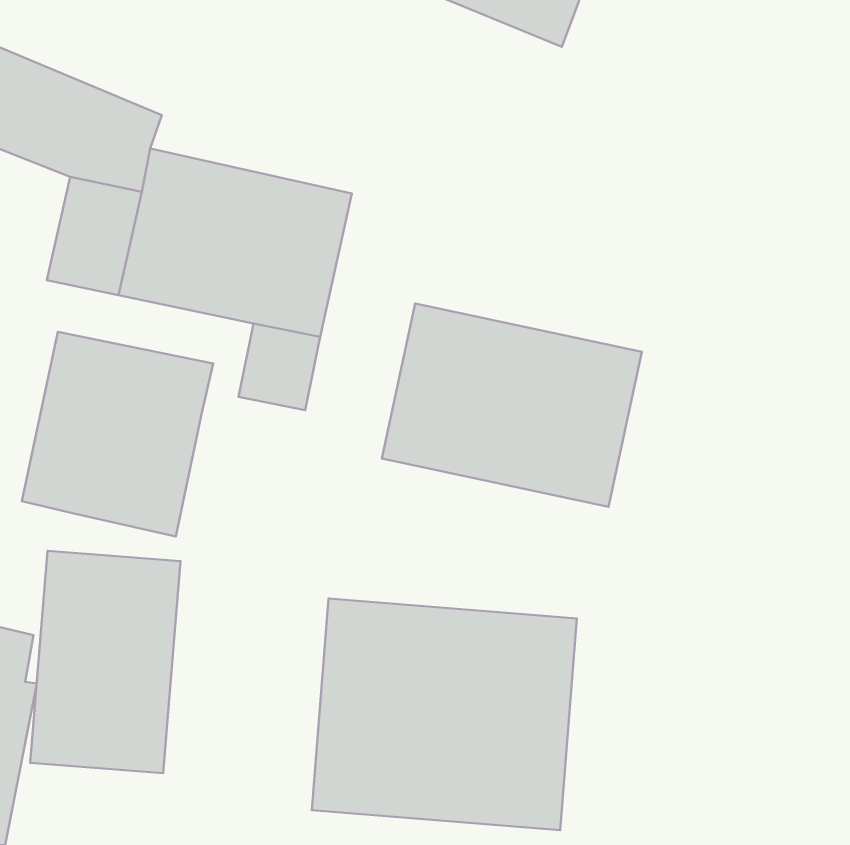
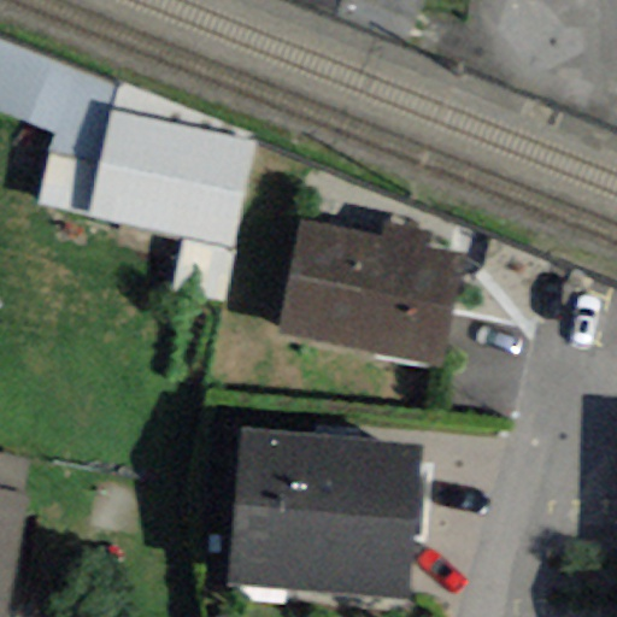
building: [22,332,213,537] -> none
building: [30,551,180,773] -> none

